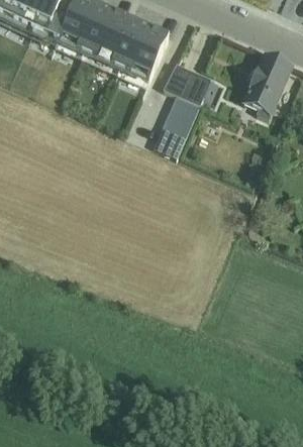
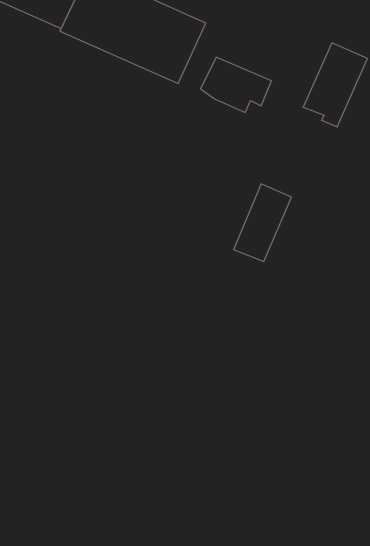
building: [155,94,199,153] -> [234,184,291,261]

